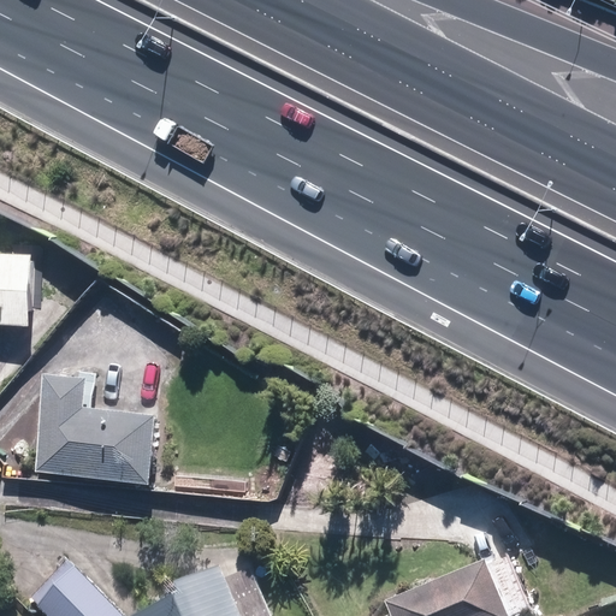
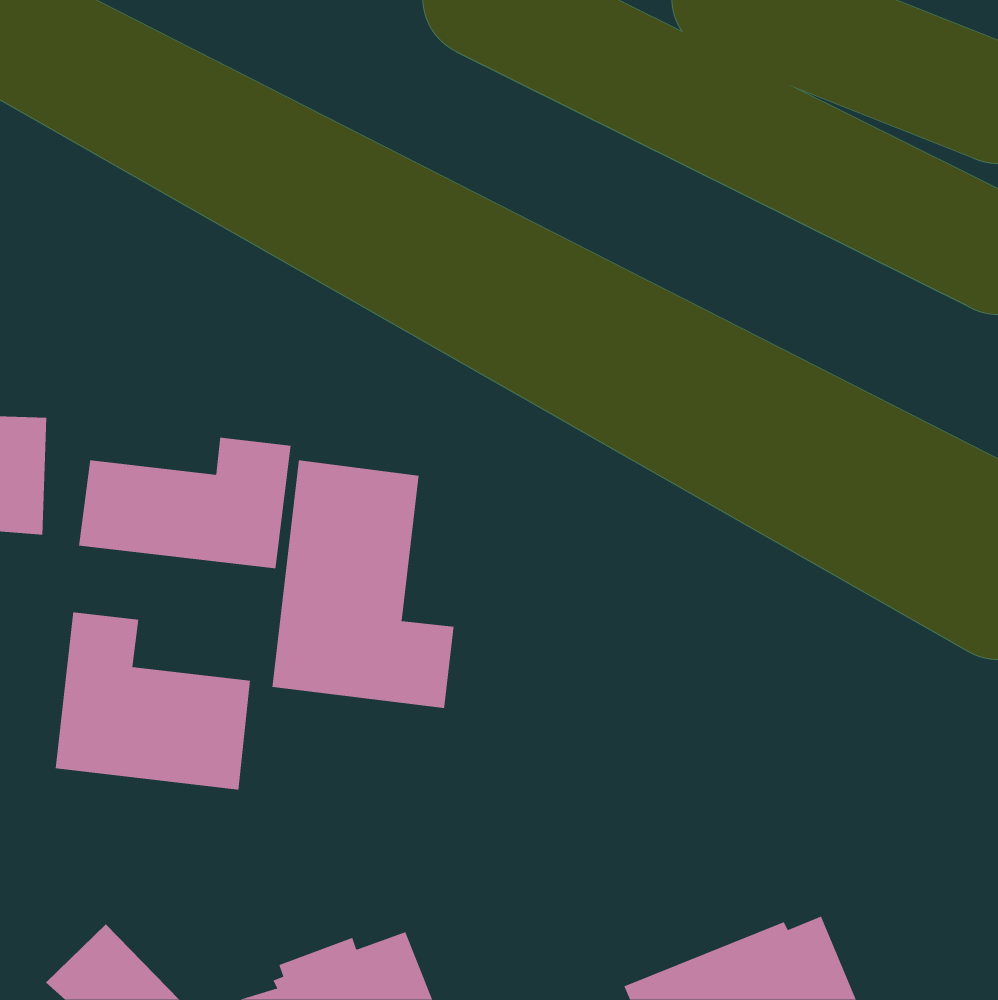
building: none -> [78,437,291,569]
building: none -> [272,460,454,709]

